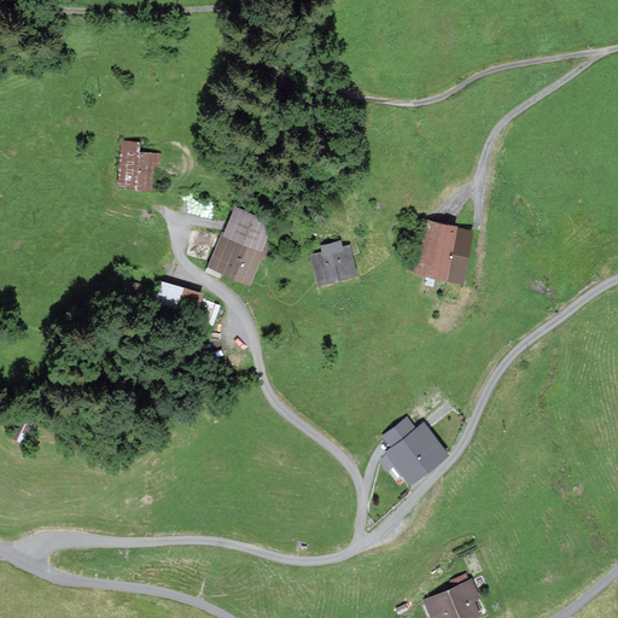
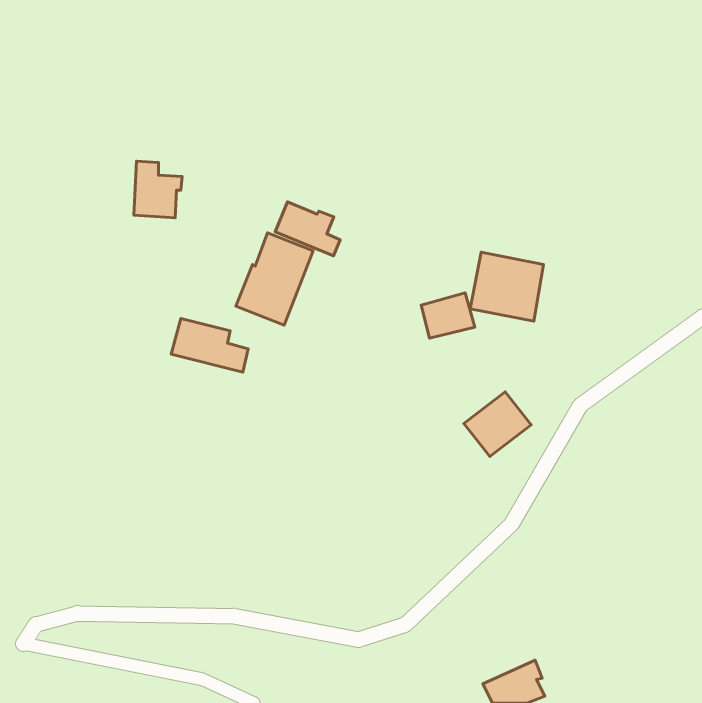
building: none -> [275,202,340,256]
building: [311,246,358,286] -> [421,293,475,338]
building: [385,421,444,478] -> [464,392,531,457]

